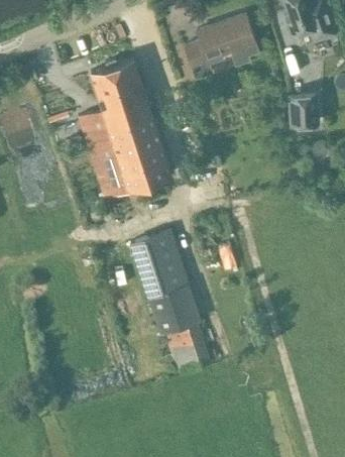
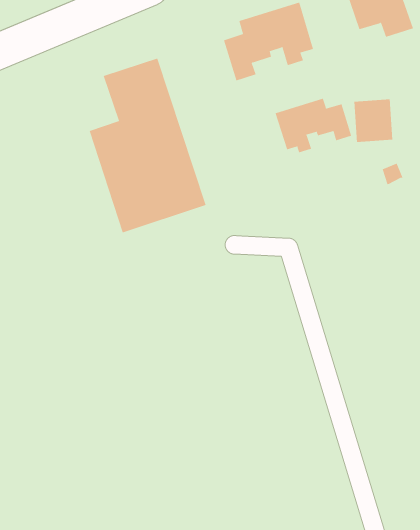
building: none -> [275,98,352,153]
building: [129,229,211,374] -> none

